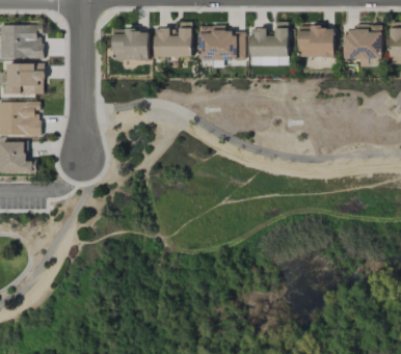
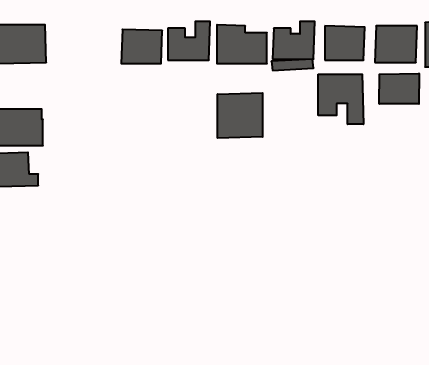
building: [7,63,45,94] -> none
building: none -> [379,73,419,104]
building: none -> [318,74,363,124]
building: none -> [218,93,263,138]

